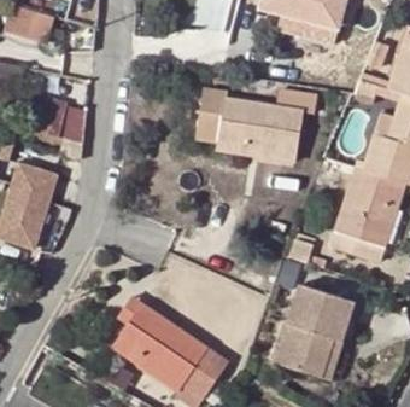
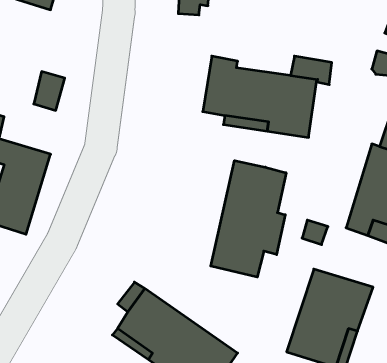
building: none -> [211,161,286,277]

